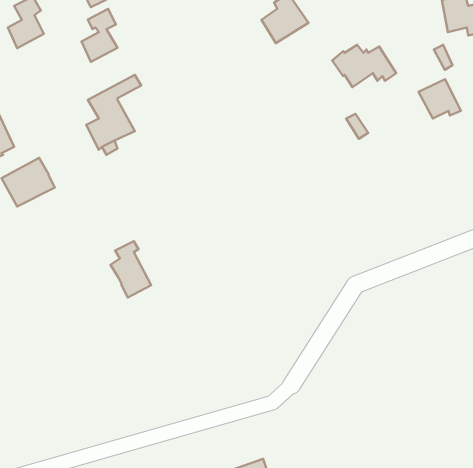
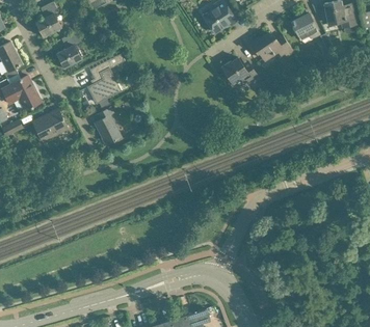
building: [81,9,117,62] -> [57,32,81,67]
building: [419,79,461,119] -> [291,13,319,39]
building: none -> [221,58,257,84]
building: [110,241,151,298] -> [95,108,122,145]

